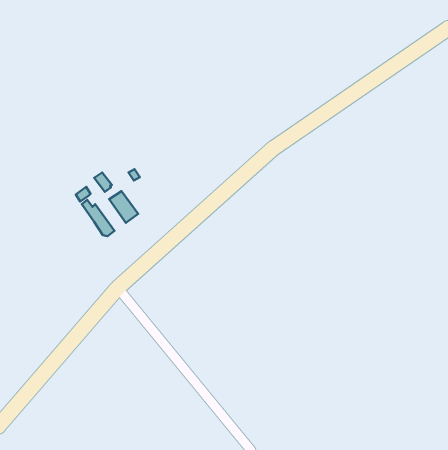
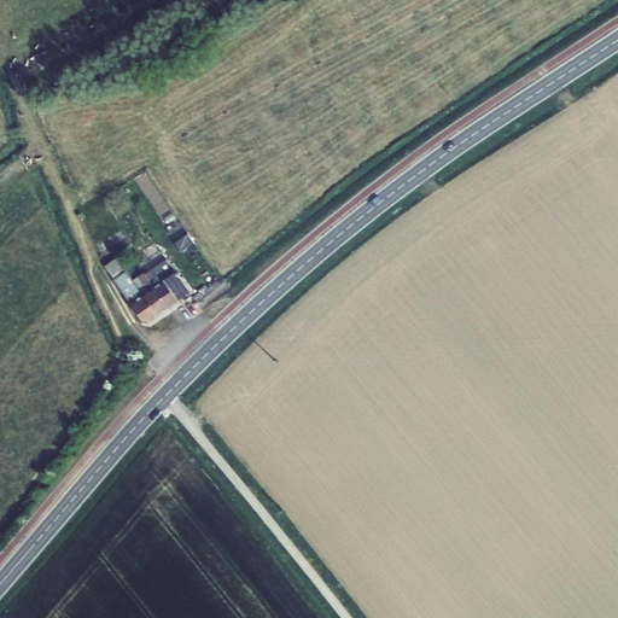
building: none -> [130,273,173,316]

